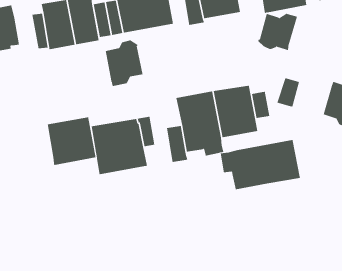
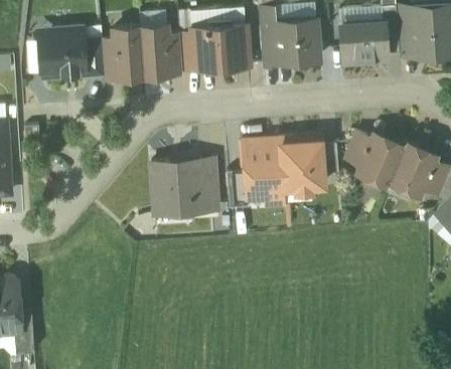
building: [258,13,298,51] -> [358,140,403,181]
building: none -> [84,41,104,79]
building: [105,39,143,87] -> none
building: [47,116,96,166] -> none
building: [220,139,301,190] -> none

